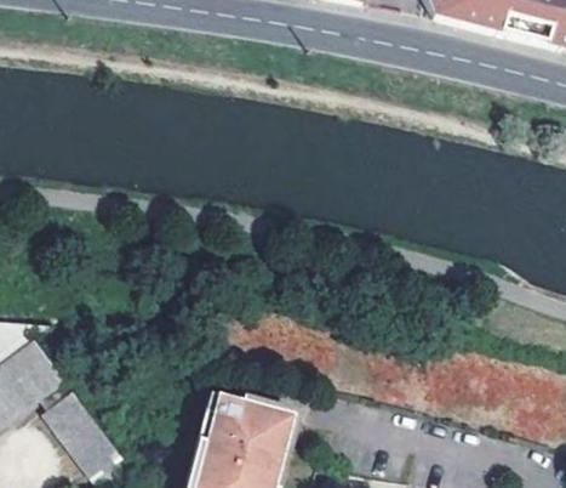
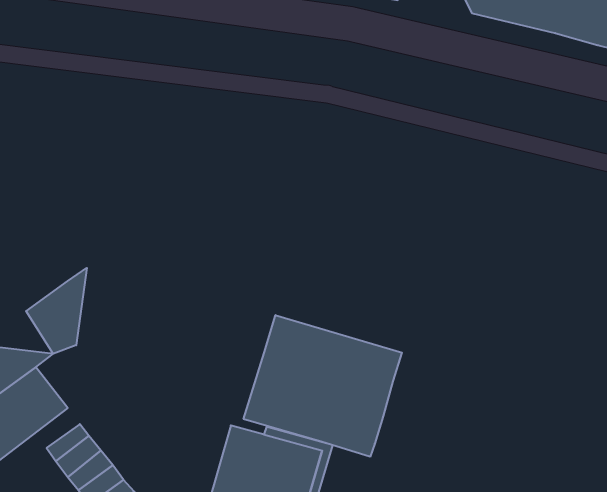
building: none -> [26,268,87,354]
building: none -> [244,315,402,457]

